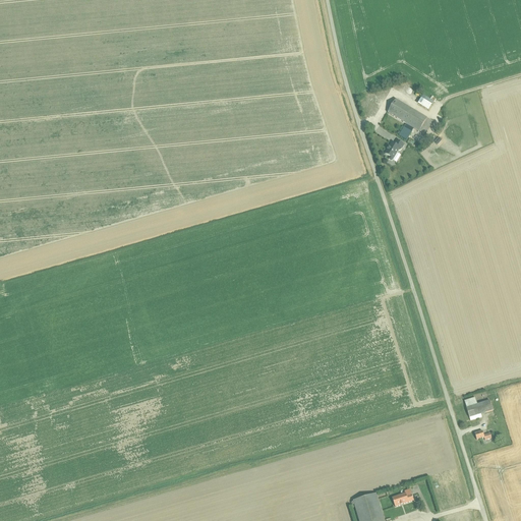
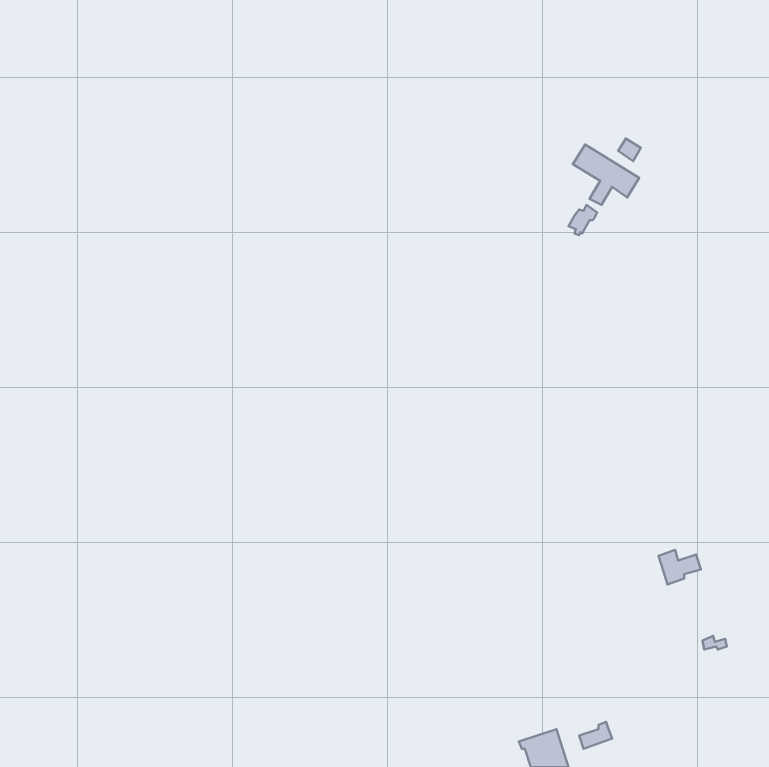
building: [463,396,491,419] -> [659,550,701,585]

